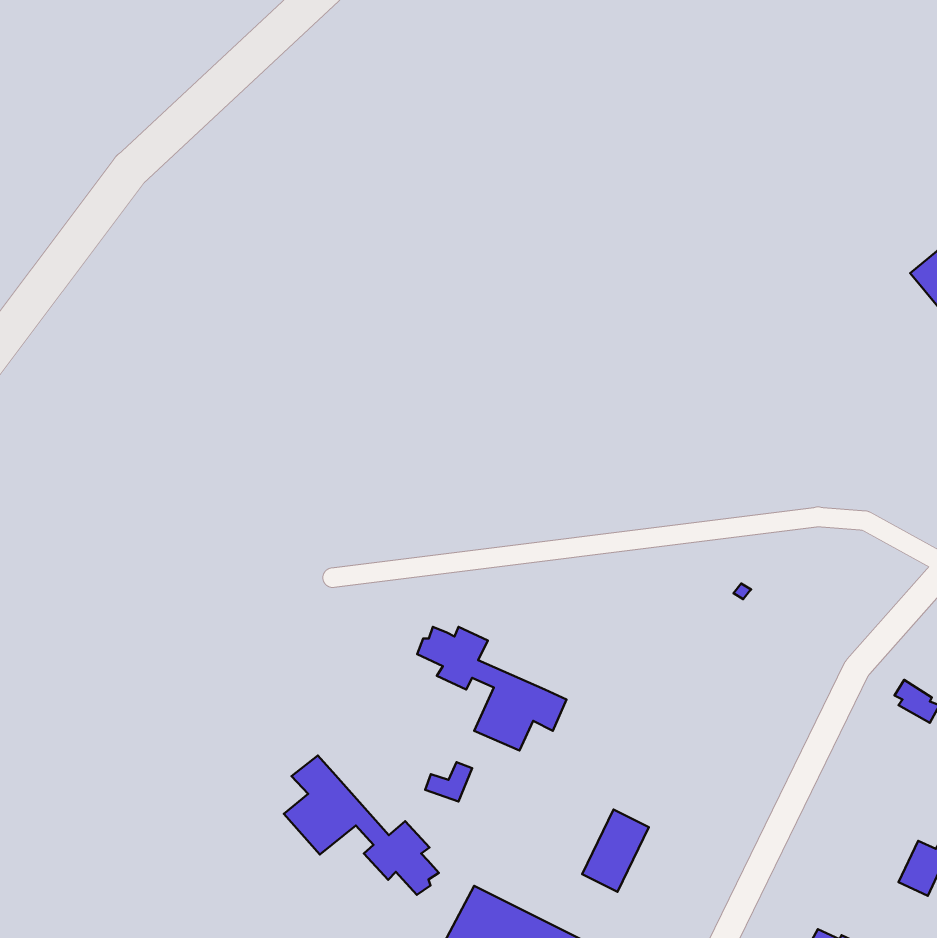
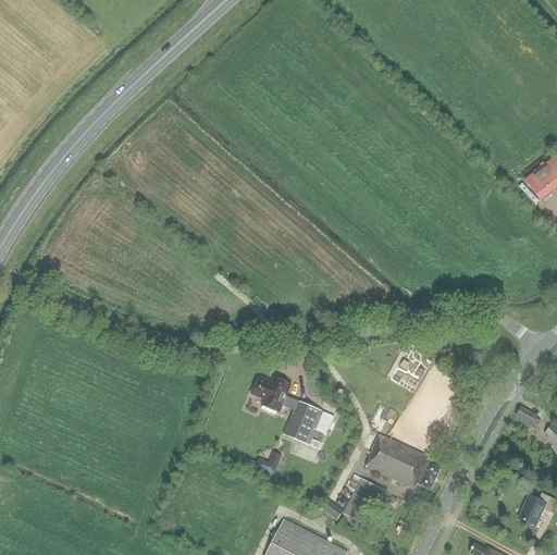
building: none -> [364,433,441,489]
building: [284,756,439,895] -> none

